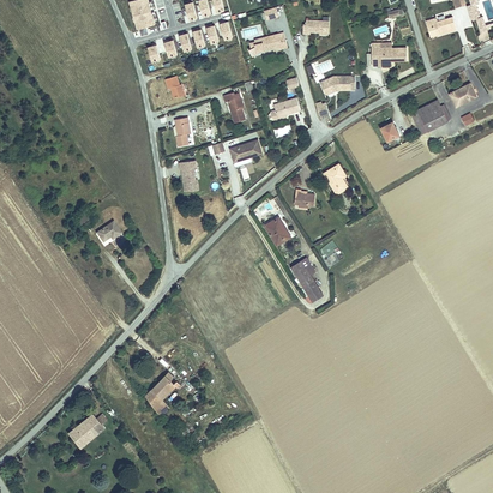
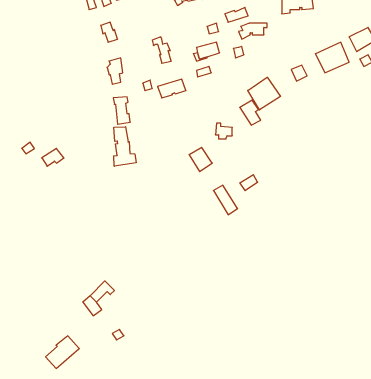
building: none -> [248,77,280,110]
building: none -> [114,127,136,166]
building: [67,410,106,447] -> [46,336,79,368]

